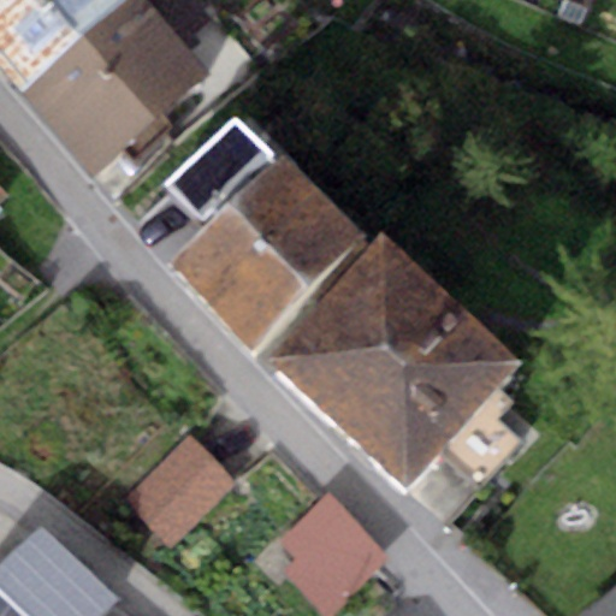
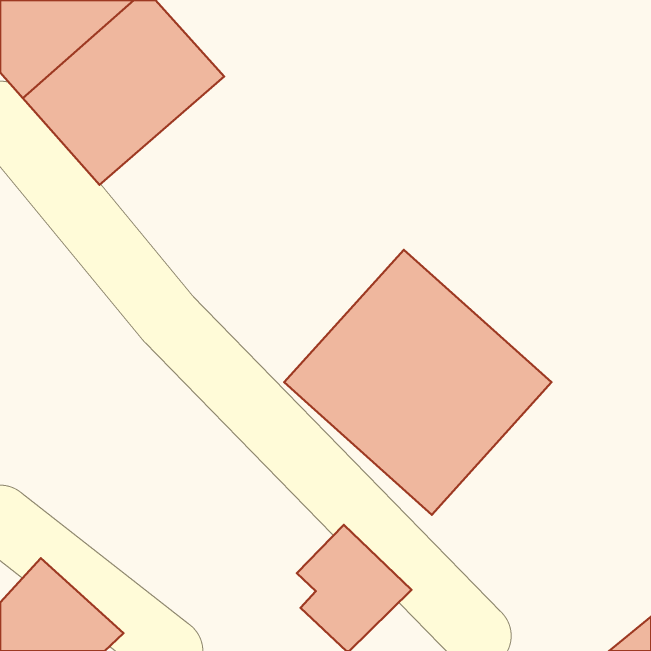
building: [170,116,365,346] -> none
building: [124,437,235,549] -> none

